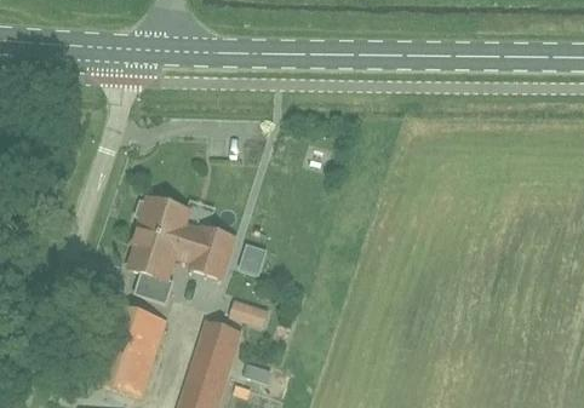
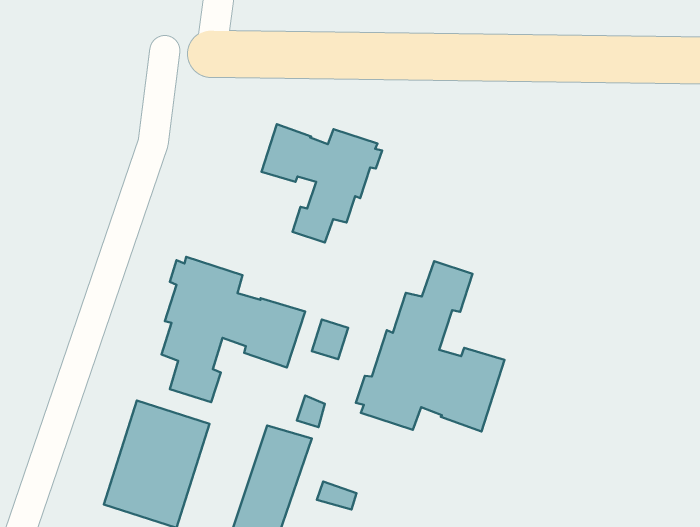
building: none -> [261,124,382,243]
building: none -> [356,261,505,431]

